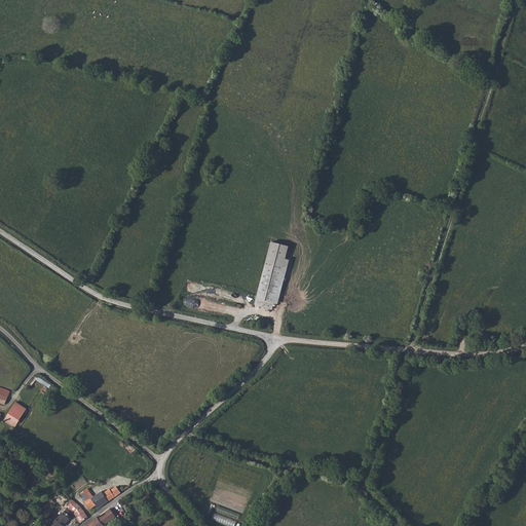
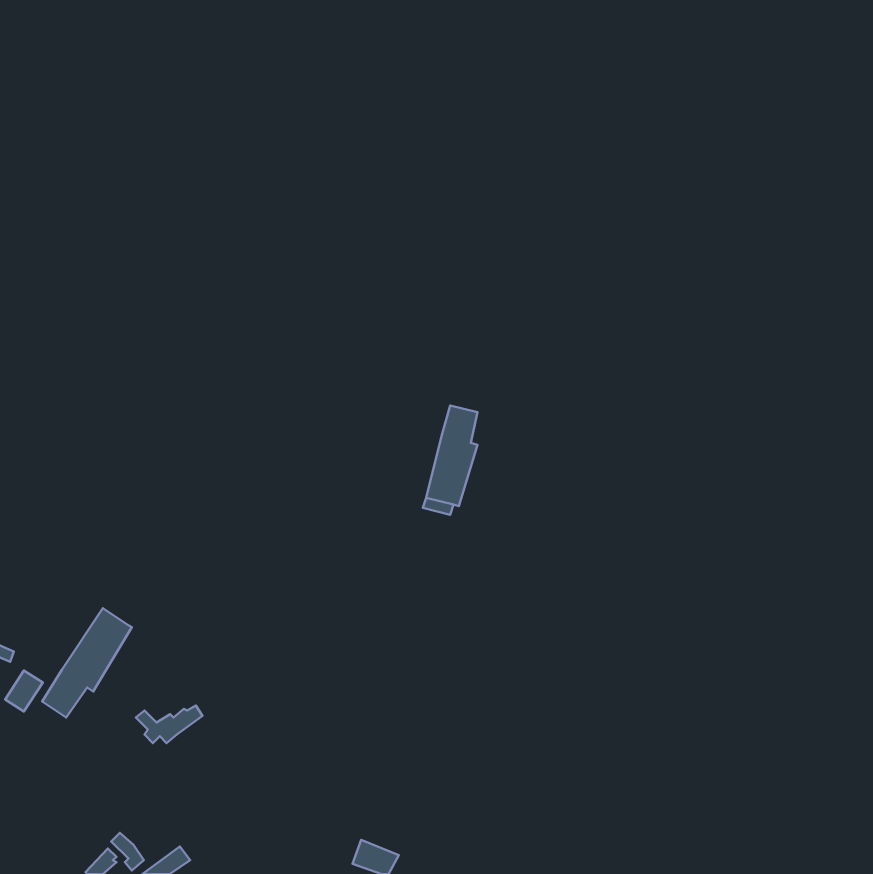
building: none -> [42,608,132,718]
building: [79,487,119,510] -> [136,705,203,743]

